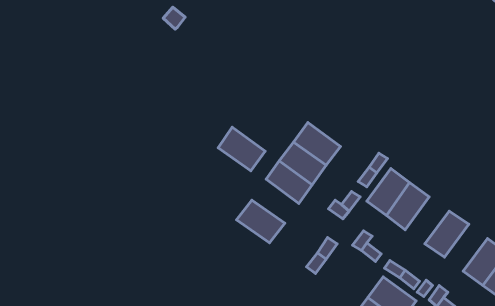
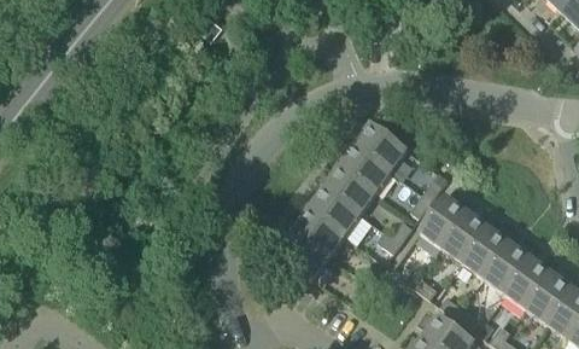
building: none -> [355,122,407,170]
building: [218,127,265,171] -> [293,207,345,255]
building: none -> [462,226,510,278]
building: none -> [505,256,552,308]

